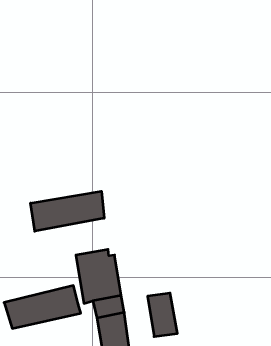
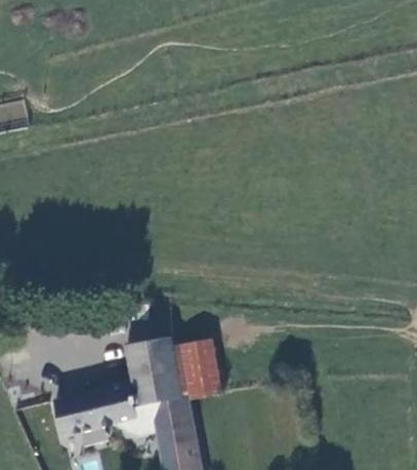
building: [31,191,104,231] -> none
building: [148,293,177,337] -> [180,342,218,397]

